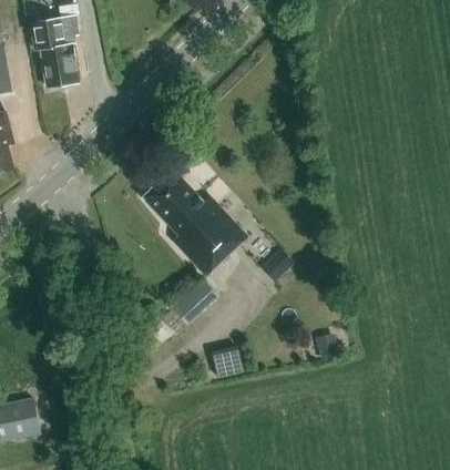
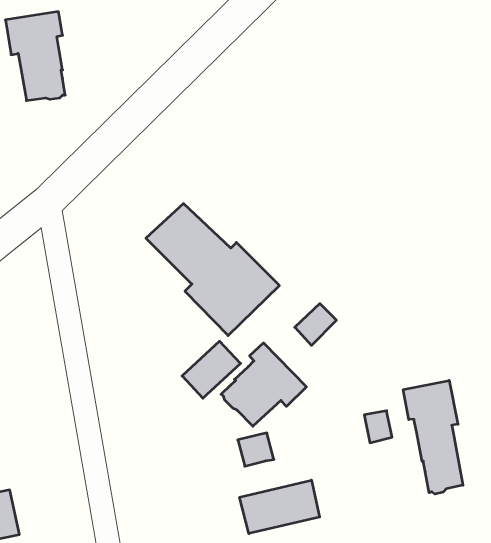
building: none -> [221,343,306,426]
building: none -> [403,380,463,494]
building: none -> [240,480,320,534]

